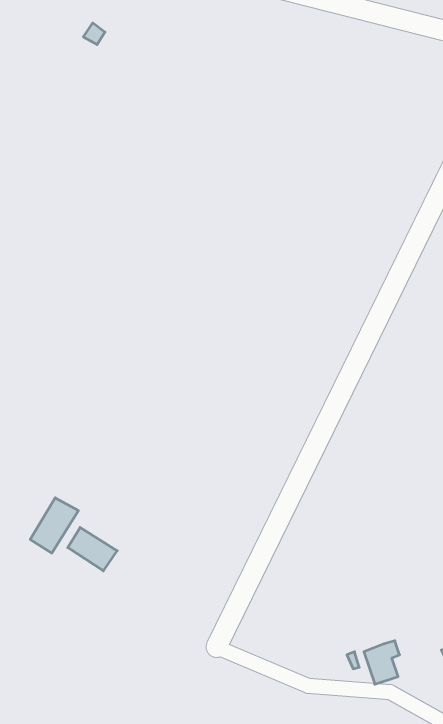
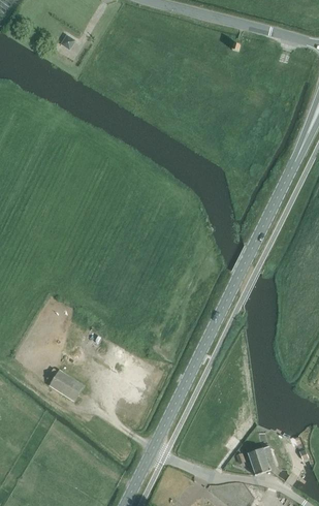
building: [30,498,78,553] -> none

